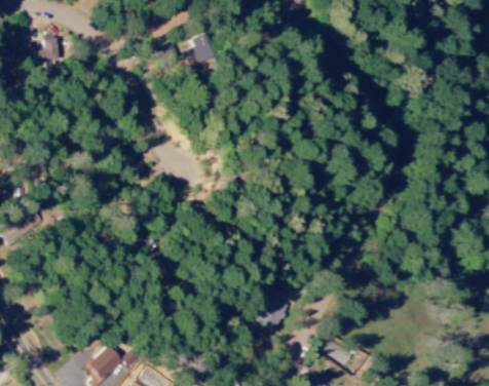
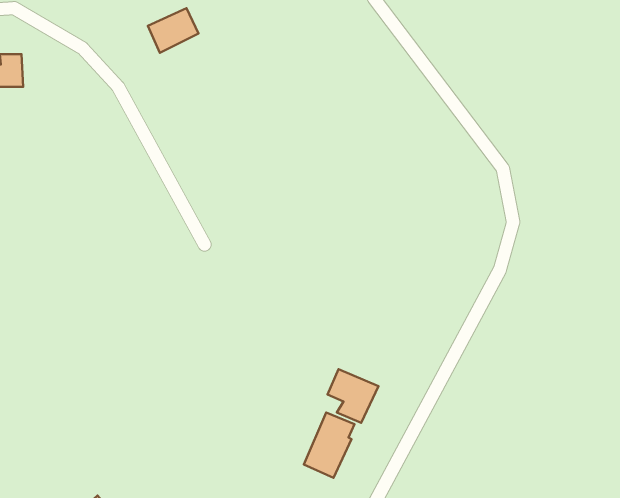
building: [184,32,219,66] -> none
building: none -> [328,369,379,423]

